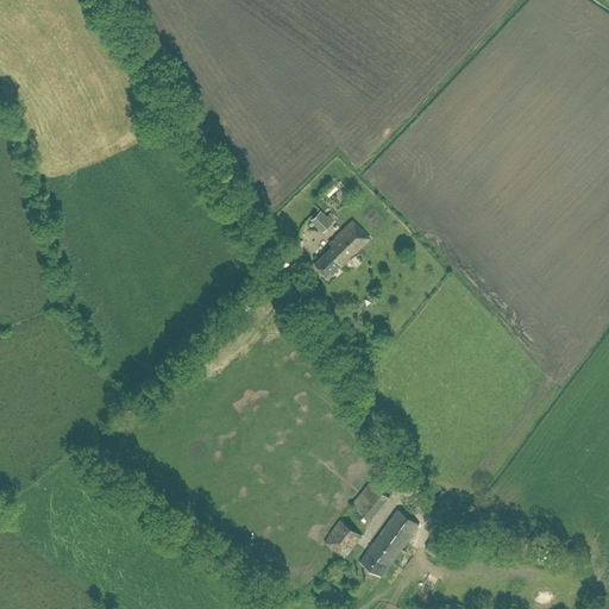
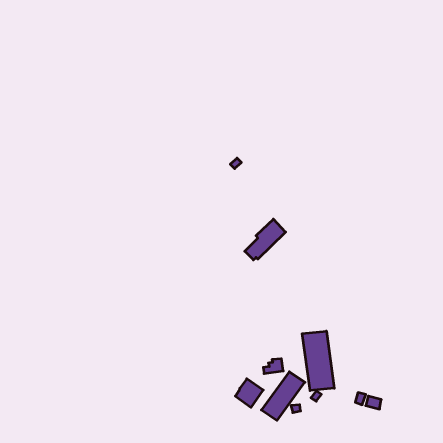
building: [312,221,368,277] -> [245,219,286,260]
building: none -> [302,331,334,391]

